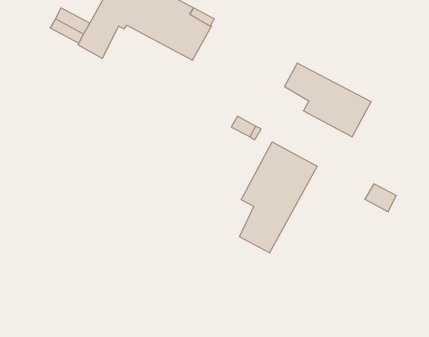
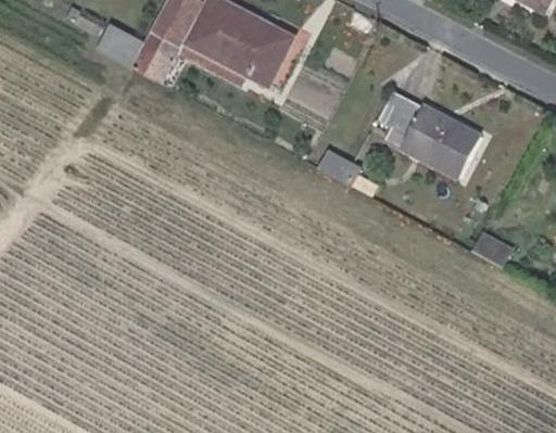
building: [239,142,317,253] -> none

